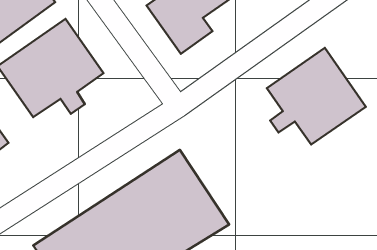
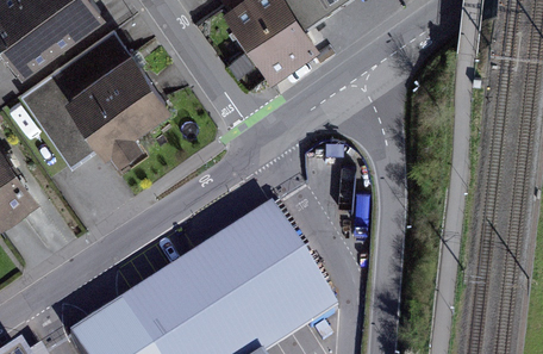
building: [267,48,366,144] -> none

